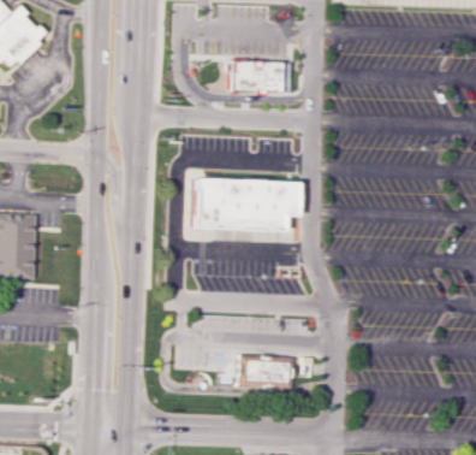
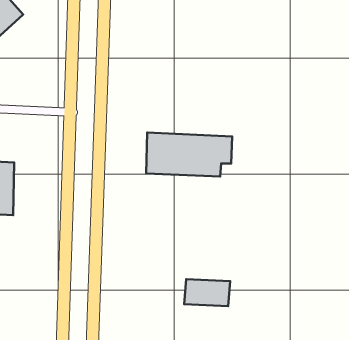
building: [233,61,294,91] -> none

